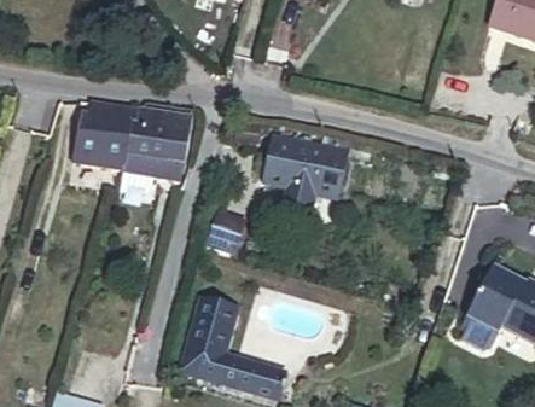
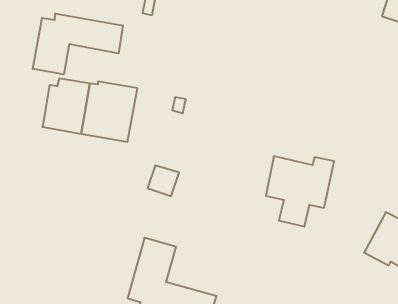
building: none -> [33,13,123,74]
building: [263,134,347,220] -> [266,156,334,227]

